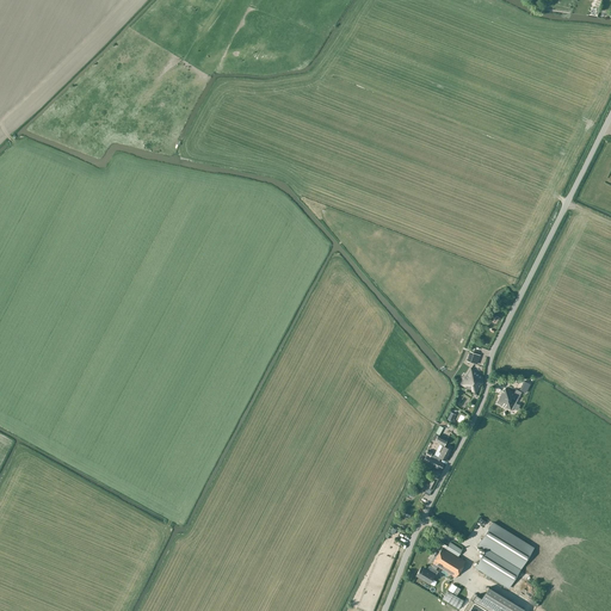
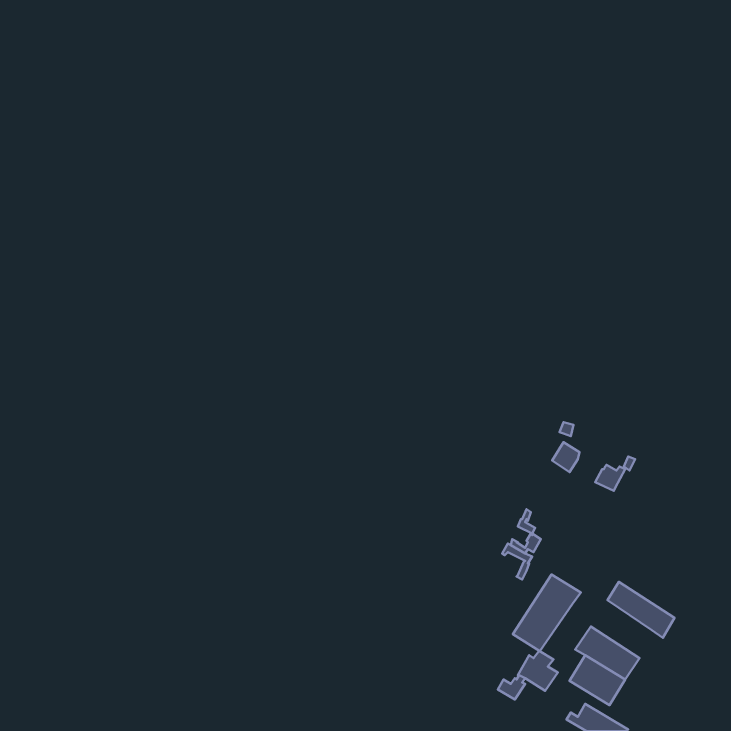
building: none -> [513,575,581,651]
building: none -> [607,582,675,638]

